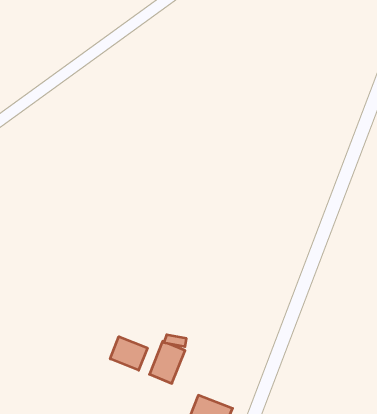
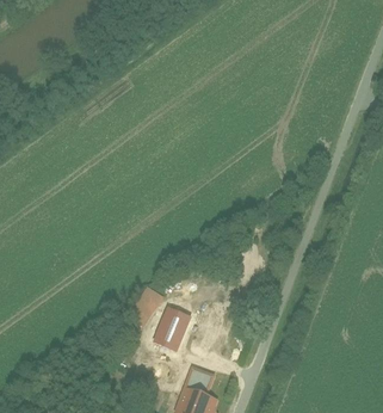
building: [110,337,147,370] -> none

